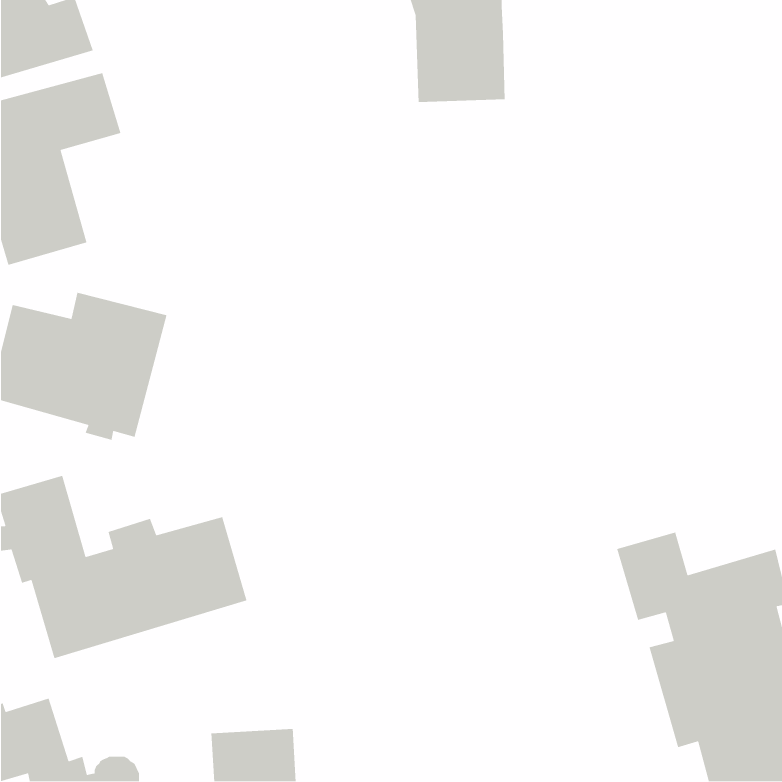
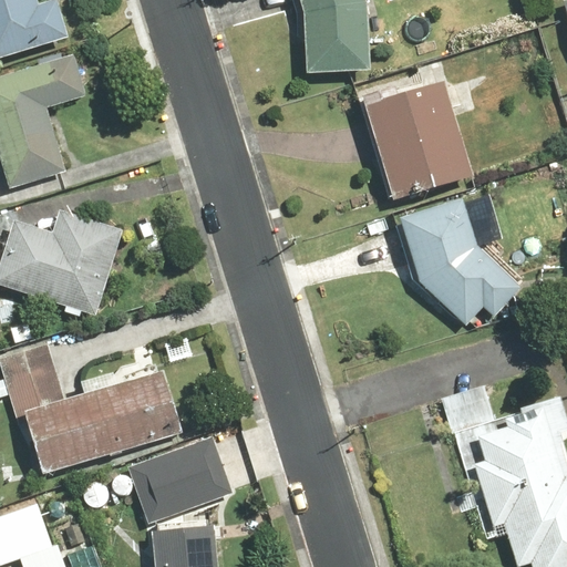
building: none -> [361,75,473,205]
building: none -> [399,197,519,326]
building: none -> [112,437,229,523]

